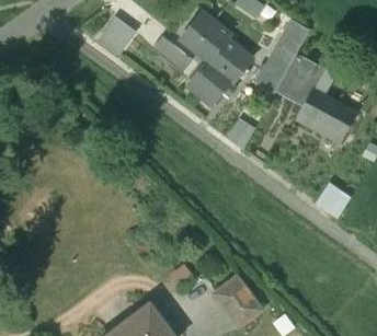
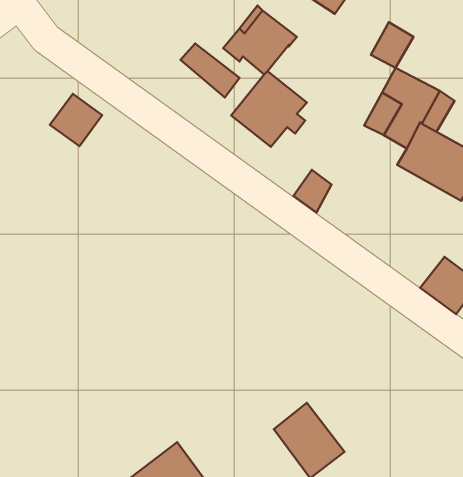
building: [100,18,135,53] -> [50,94,102,146]
building: [210,37,251,76] -> none
building: [259,43,296,91] -> none

